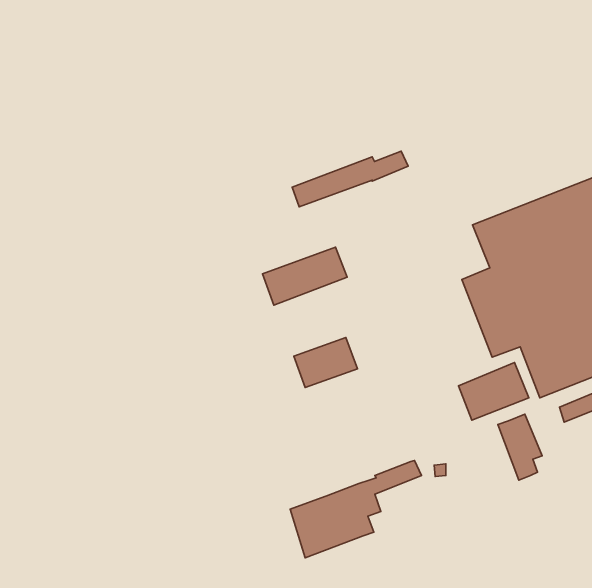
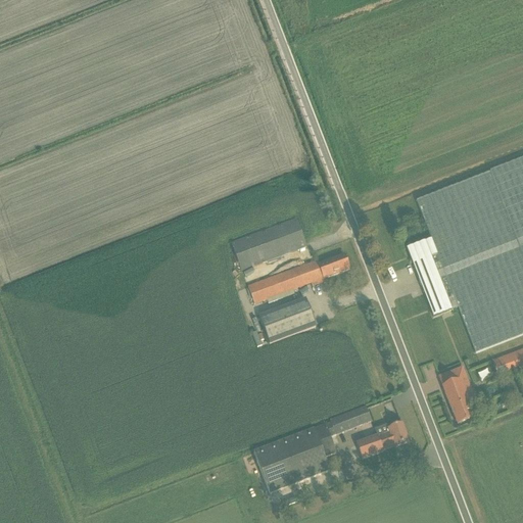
building: [292,151,408,207] -> [248,252,350,301]
building: [459,363,529,420] -> none
building: none -> [356,421,410,457]

